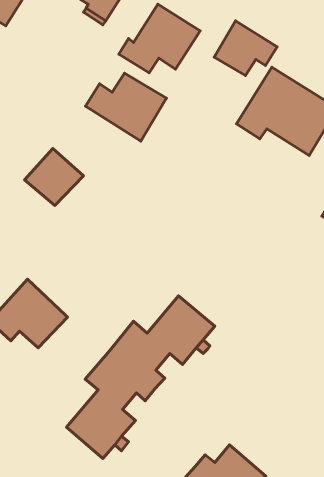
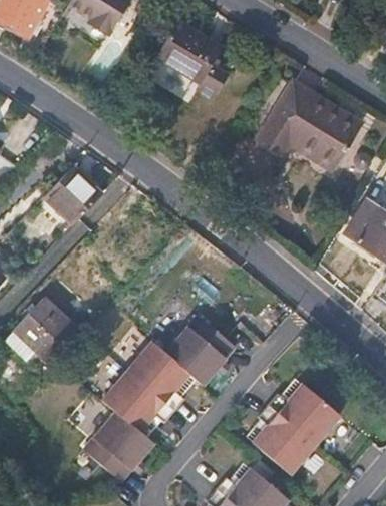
building: [214,21,277,76] -> none
building: [85,73,166,141] -> none
building: none -> [252,384,339,474]

